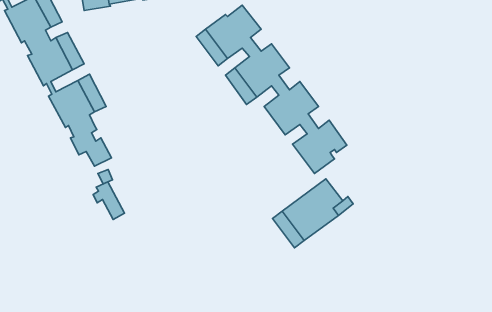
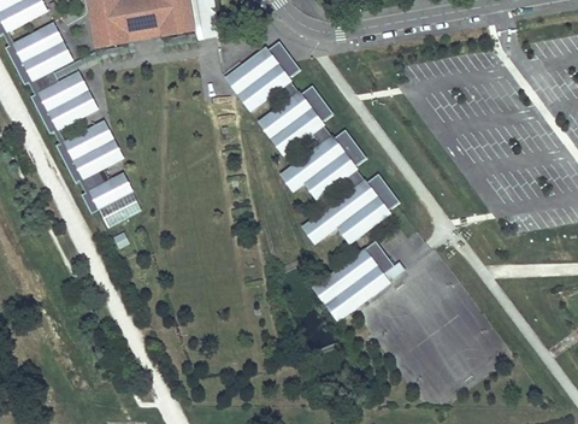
building: none -> [281,157,329,199]
building: none -> [303,200,362,242]
building: [93,182,125,220] -> [106,172,142,216]

